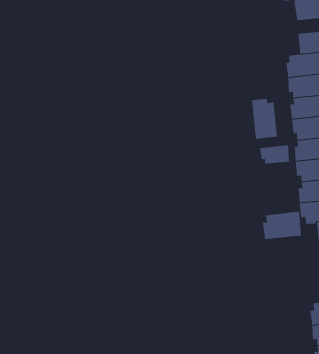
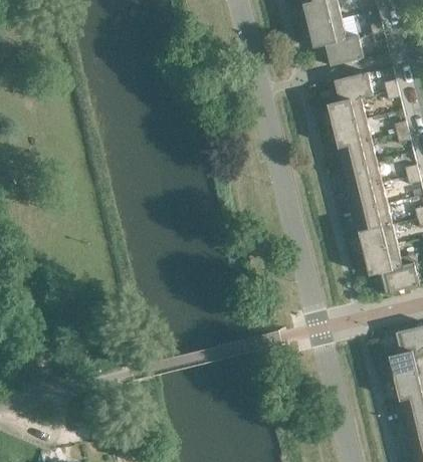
building: [251,98,278,140] -> none
building: [260,145,290,165] -> none
building: [262,211,302,240] -> none

